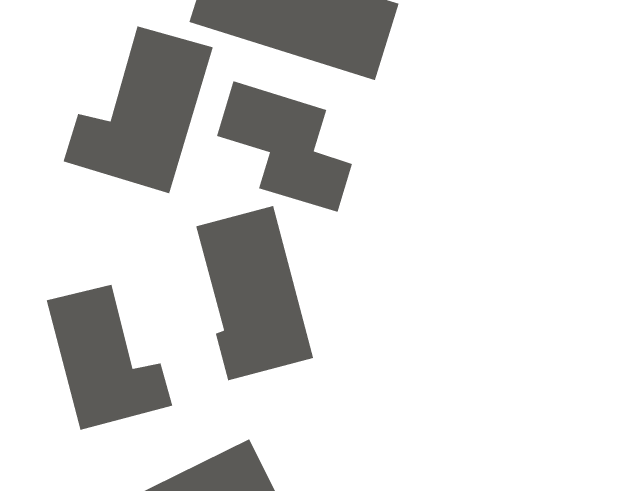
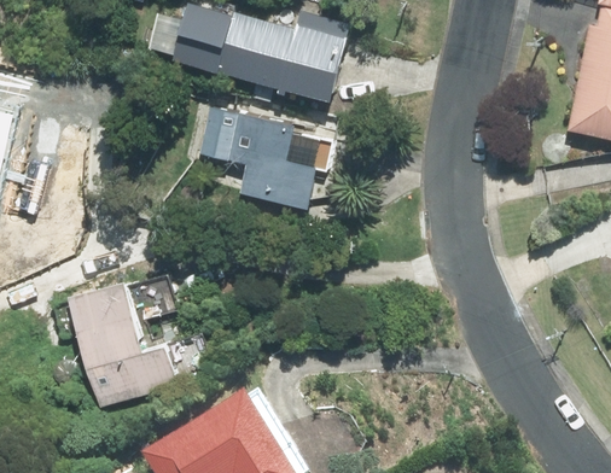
building: [63,25,214,194] -> none
building: [195,205,314,381] -> none

